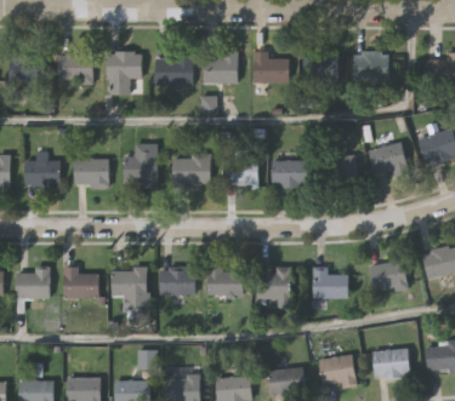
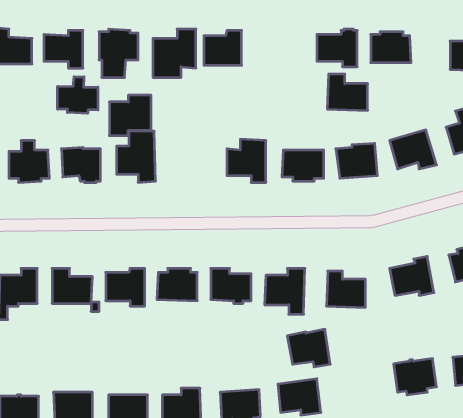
building: [254,50,290,82] -> [327,74,368,110]
building: none -> [58,77,98,113]
building: [172,151,210,188] -> [109,95,151,136]
building: [319,353,358,386] -> [287,329,330,367]

